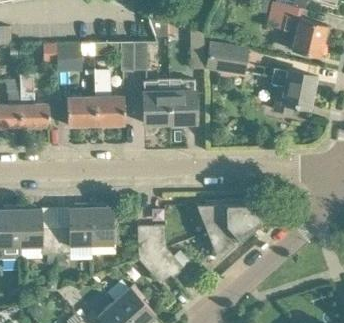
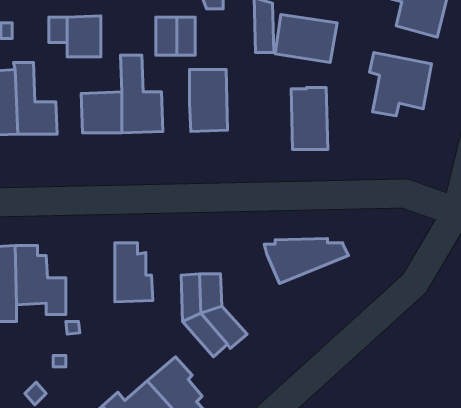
building: [169,80,195,124] -> [291,88,328,150]
building: [55,204,90,255] -> none
building: [207,213,260,260] -> none

